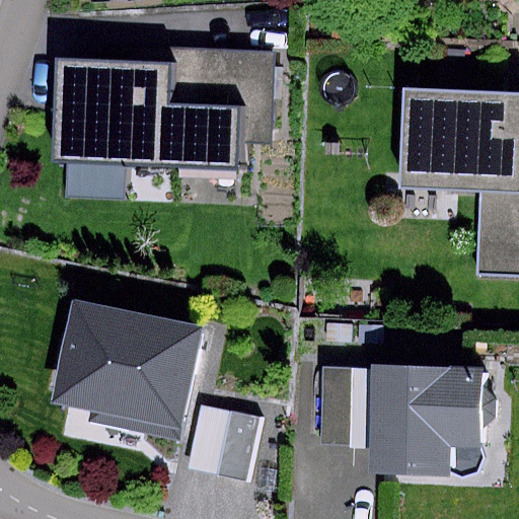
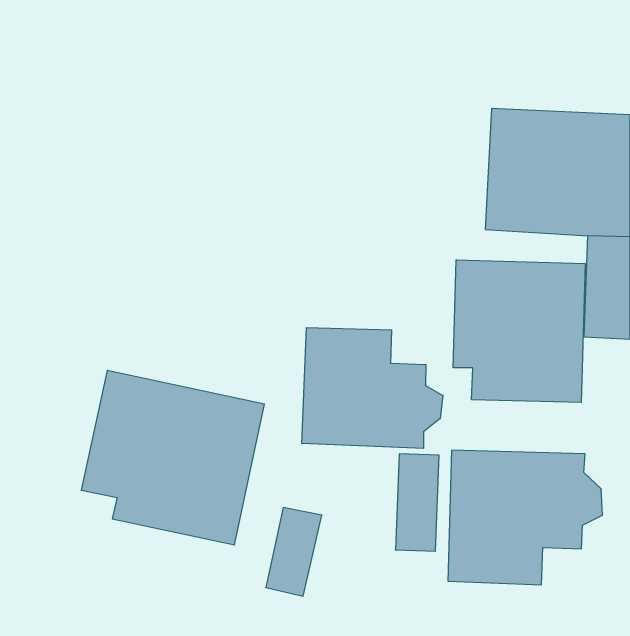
building: [68,44,283,158] -> none
building: none -> [453,260,585,402]
building: none -> [302,328,443,448]

